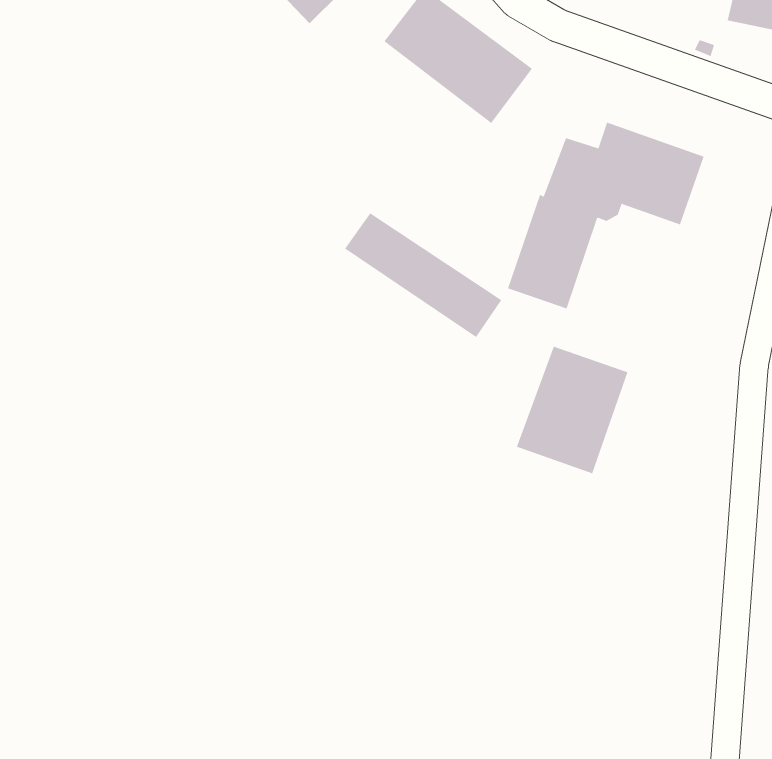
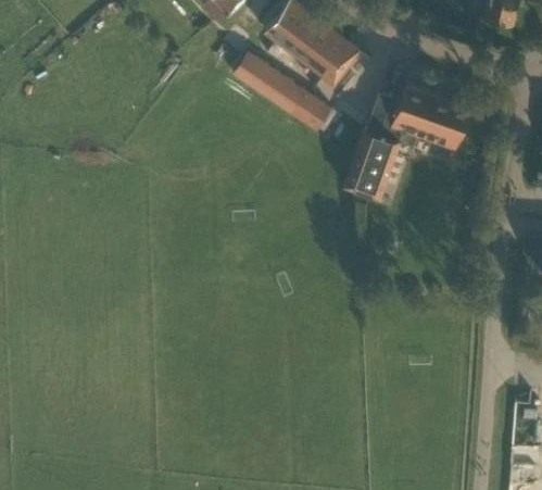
building: [344,212,502,338] -> [234,53,333,133]
building: [516,346,628,474] -> none

